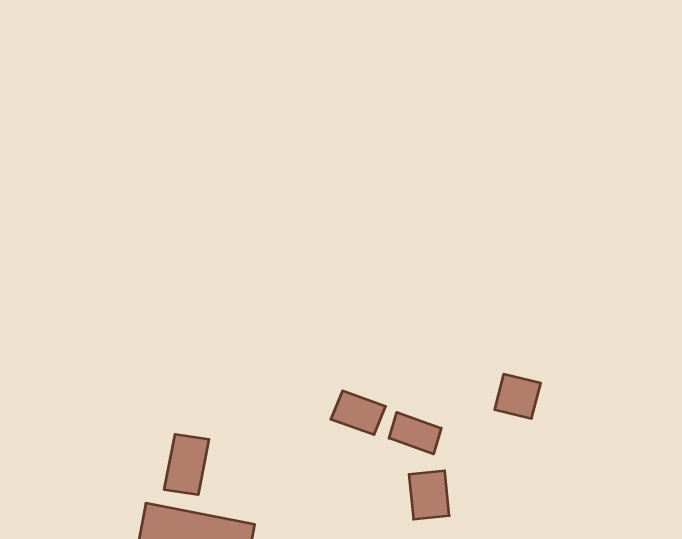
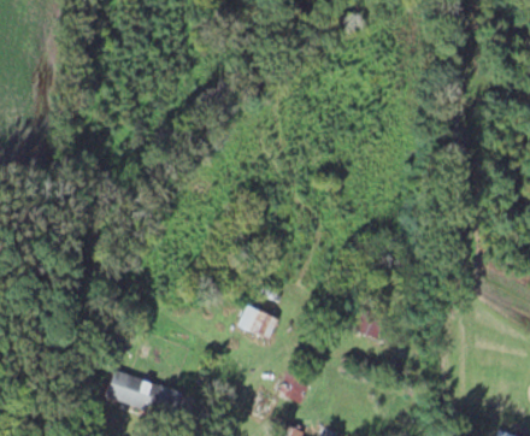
building: [389,412,441,454] -> none
building: [164,434,209,495] -> none

